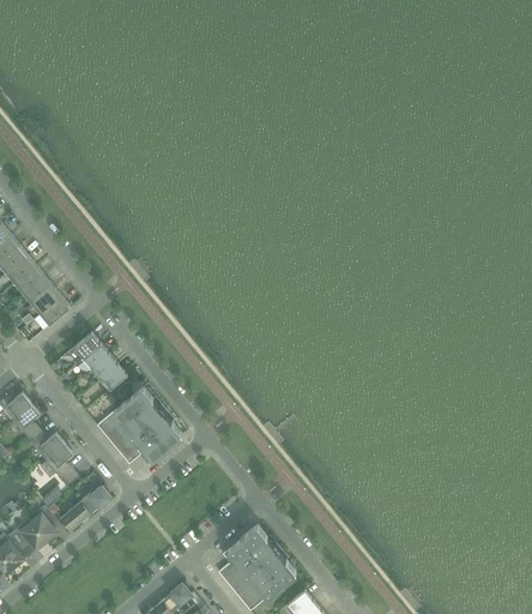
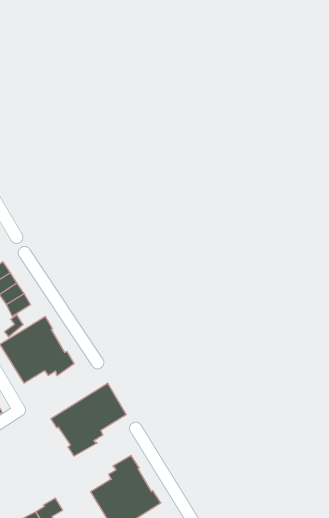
building: none -> [51,383,126,456]

